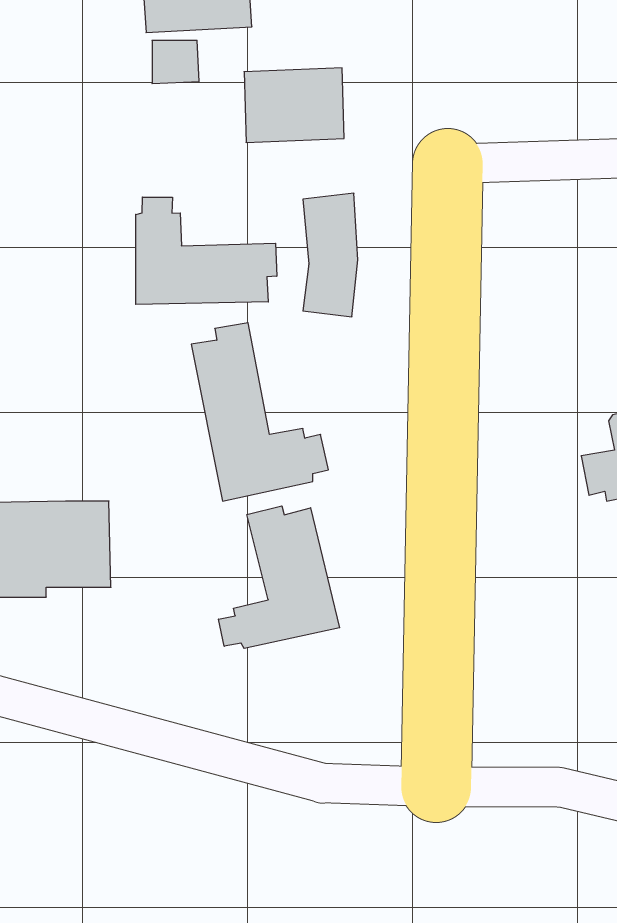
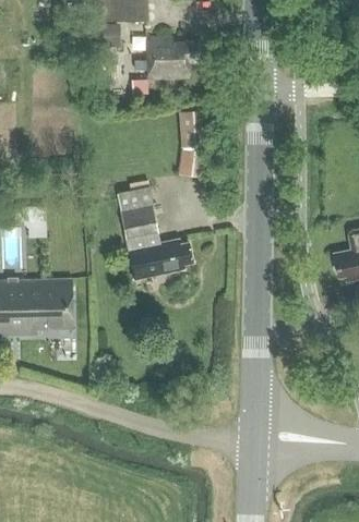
building: [136,197,277,304] -> none
building: [219,506,340,648] -> none

